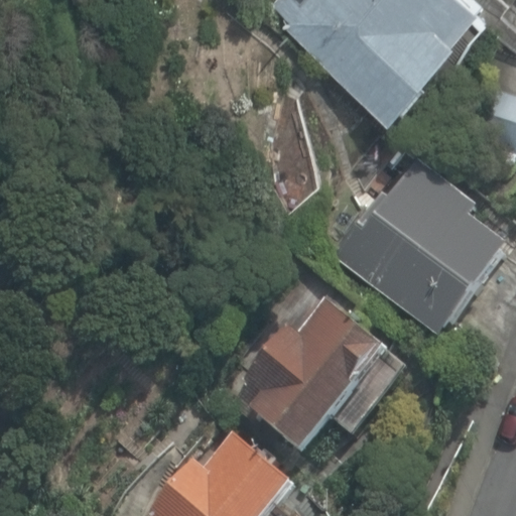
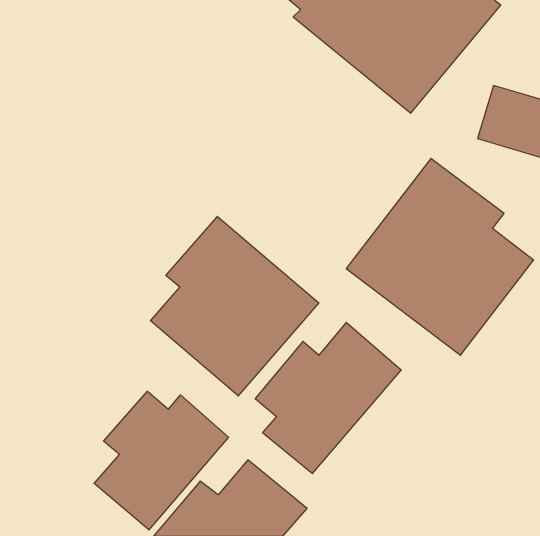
building: none -> [151,216,319,396]
building: none -> [94,391,229,530]

